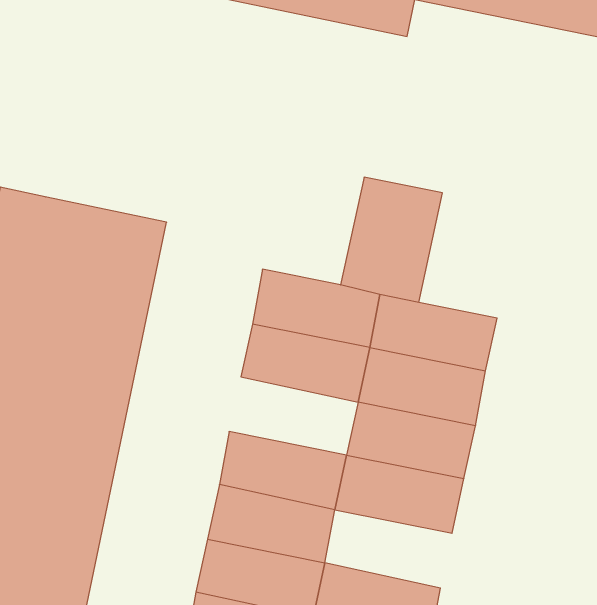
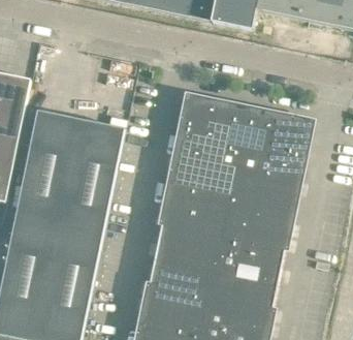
building: none -> [174,98,228,160]
building: none -> [257,112,307,178]
building: none -> [157,209,225,250]
building: none -> [207,279,275,320]

